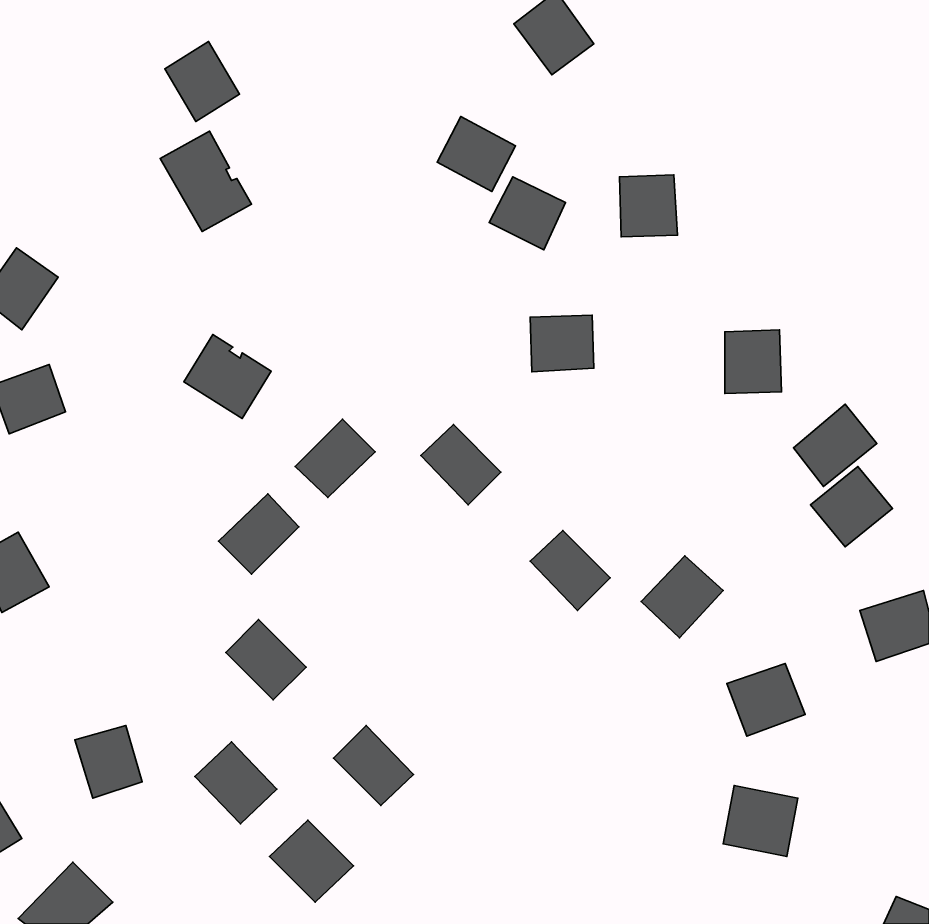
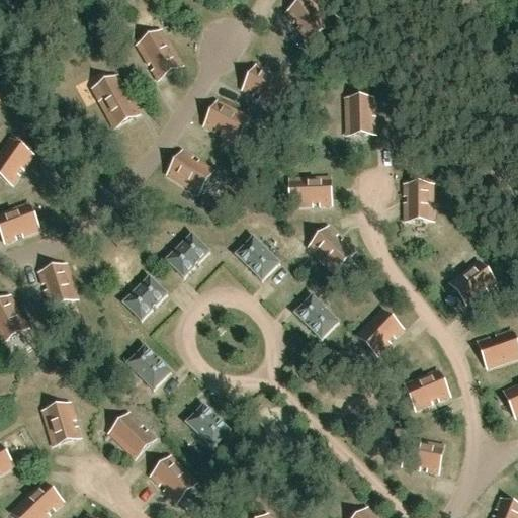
building: [165,41,239,122] -> [140,33,181,78]
building: [489,177,566,250] -> [204,100,247,141]
building: [184,335,271,418] -> [165,148,213,194]
building: [793,404,877,486] -> none
building: none -> [309,225,354,269]
building: none -> [38,264,76,305]

